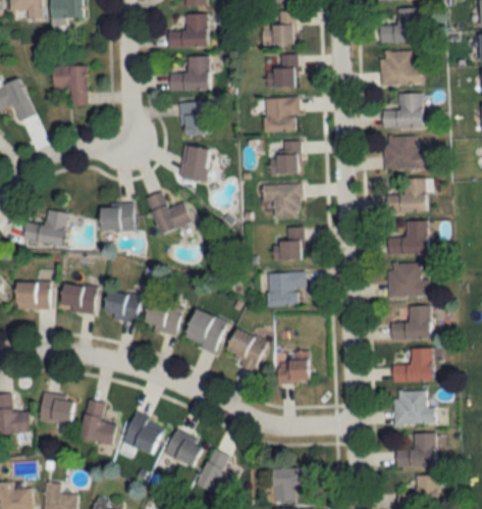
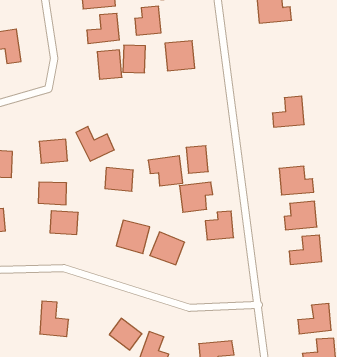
building: [268,55,299,88] -> [135,6,161,35]
building: [383,94,423,126] -> none
building: [385,136,425,168] -> none
building: [269,141,302,173] -> none
building: [180,145,211,181] -> [123,45,145,73]
building: [263,183,303,217] -> [148,156,183,186]
building: [388,220,428,254] -> none
building: [60,284,97,314] -> [38,182,67,205]
building: [145,302,181,334] -> [105,168,133,191]
building: [277,351,310,384] -> [205,211,234,240]
building: [394,391,435,423] -> none
building: [40,394,74,423] -> none
building: [123,410,161,454] -> none

